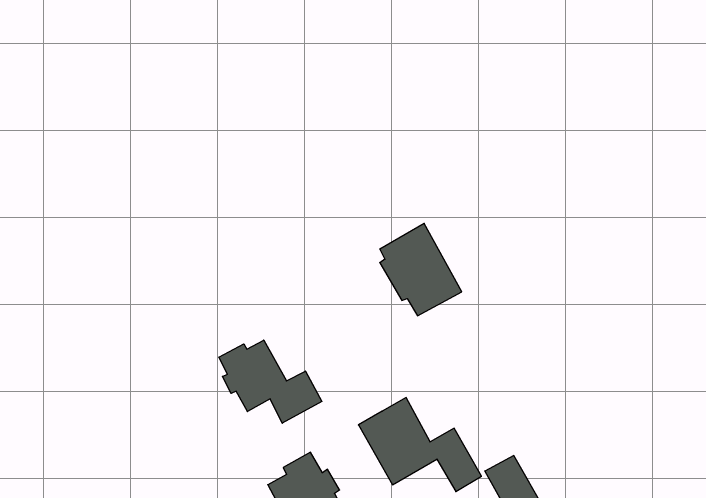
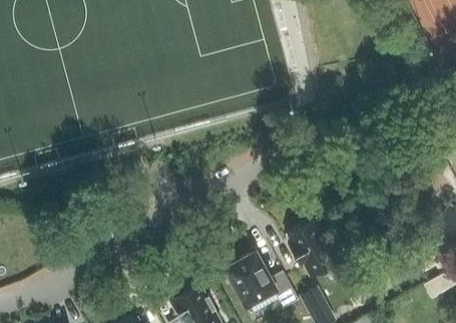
building: [380,223,462,316] -> [289,221,337,275]
building: [219,340,322,423] -> none

